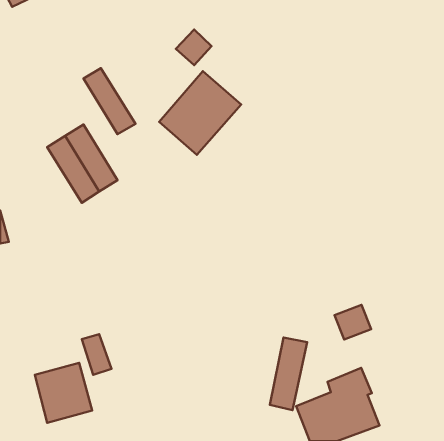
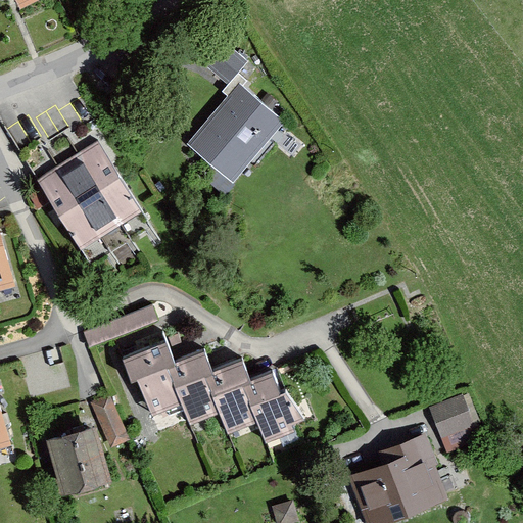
building: [83,68,136,134] -> [36,173,97,250]
building: none -> [122,338,296,445]
building: [335,305,371,340] -> [432,395,475,436]
building: [270,337,307,410] -> none

